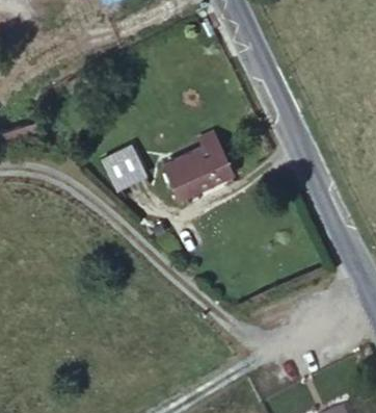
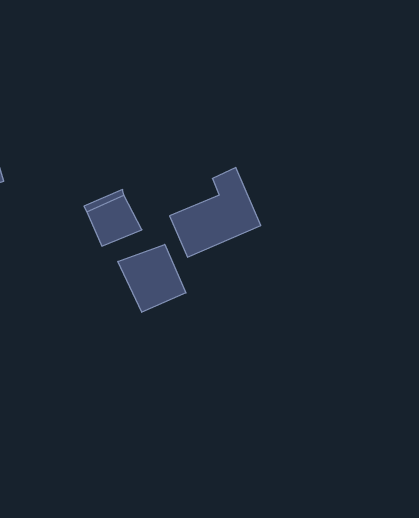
building: none -> [118,244,186,312]

